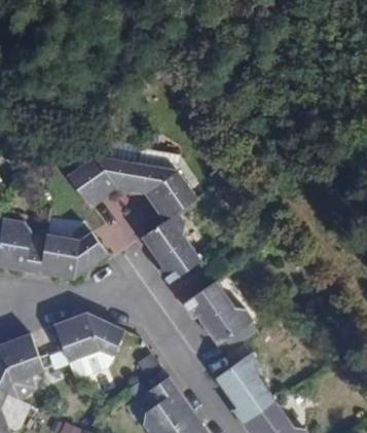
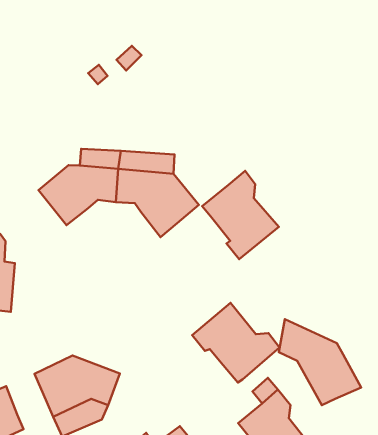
building: [142,213,203,284] -> [202,171,279,259]
building: [39,232,107,280] -> none
building: none -> [279,319,361,405]

